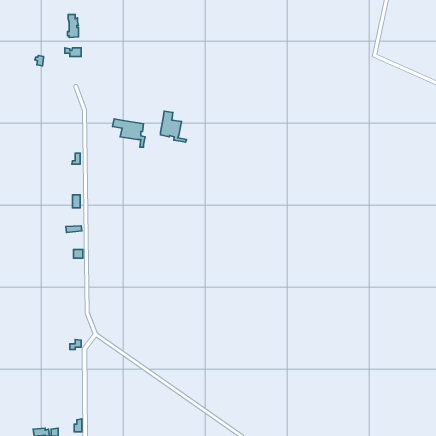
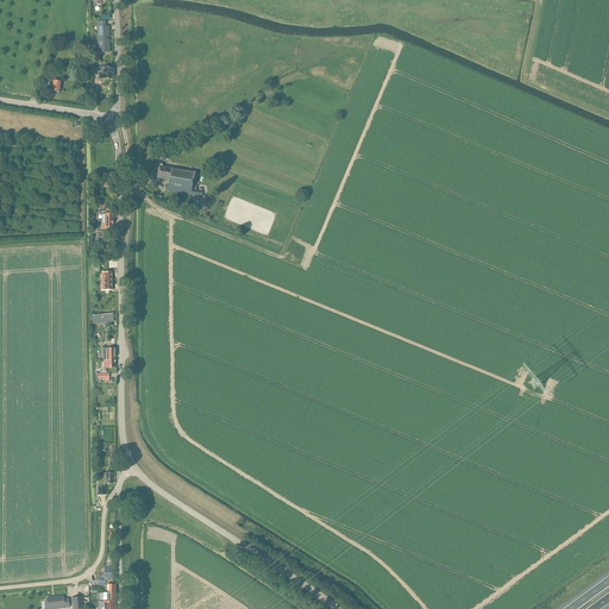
building: [161,111,186,142] -> none

